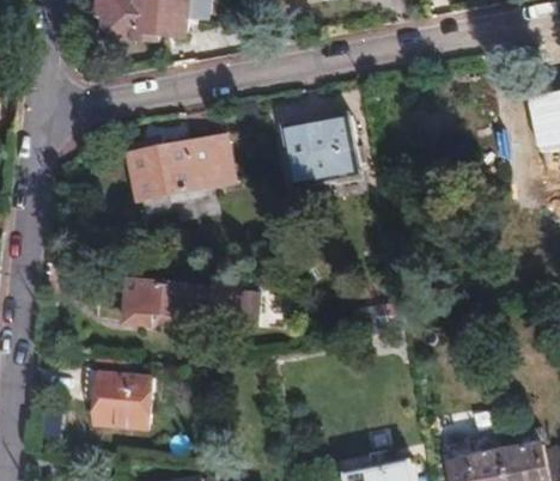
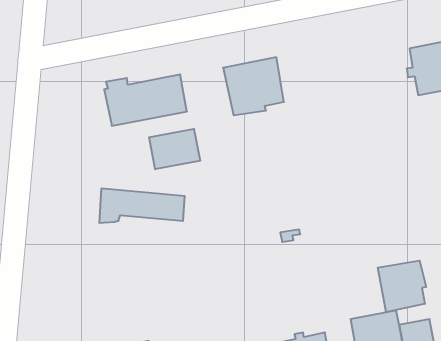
building: none -> [149,129,200,169]
building: none -> [378,261,426,312]
building: [86,371,153,430] -> none

